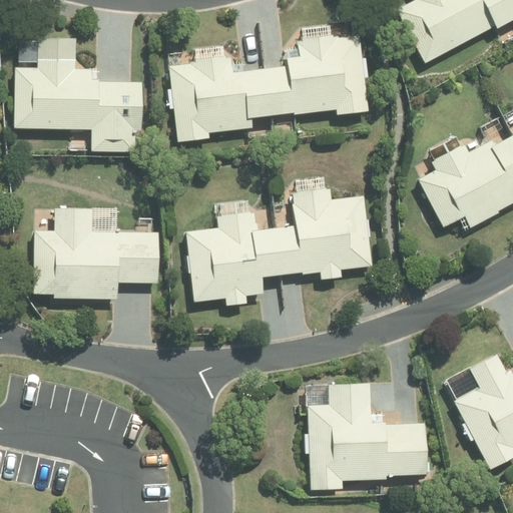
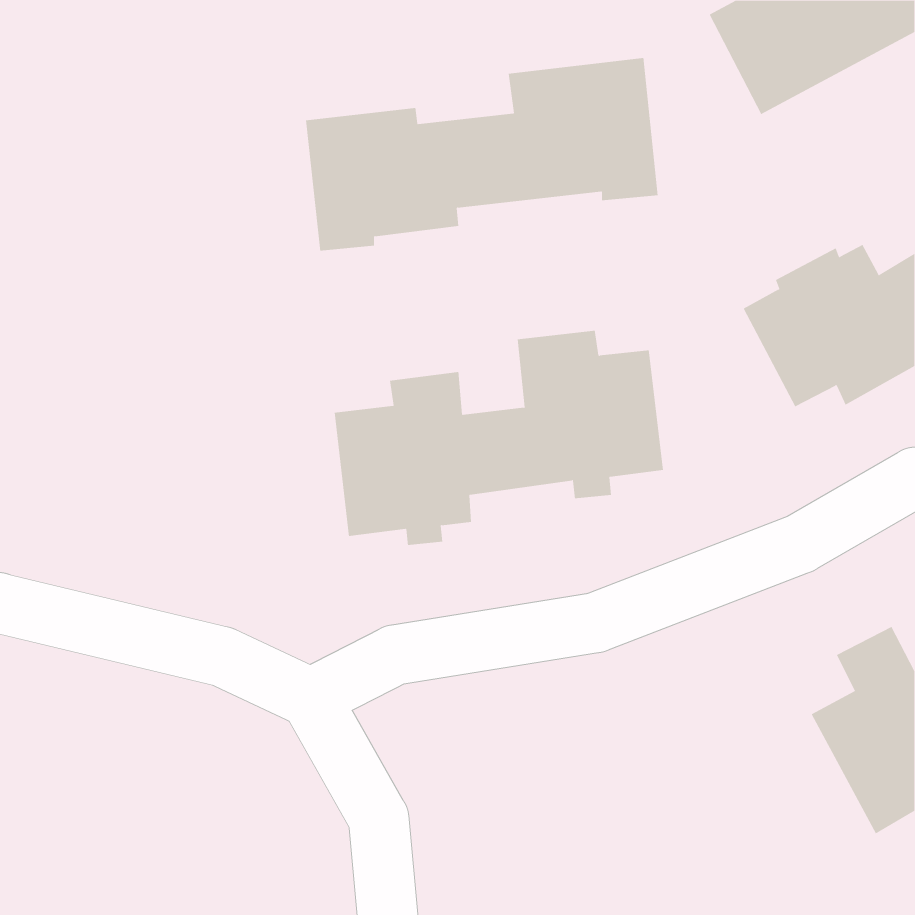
building: [15,37,142,152] -> none
building: [32,206,158,298] -> none
building: [306,381,424,487] -> none

